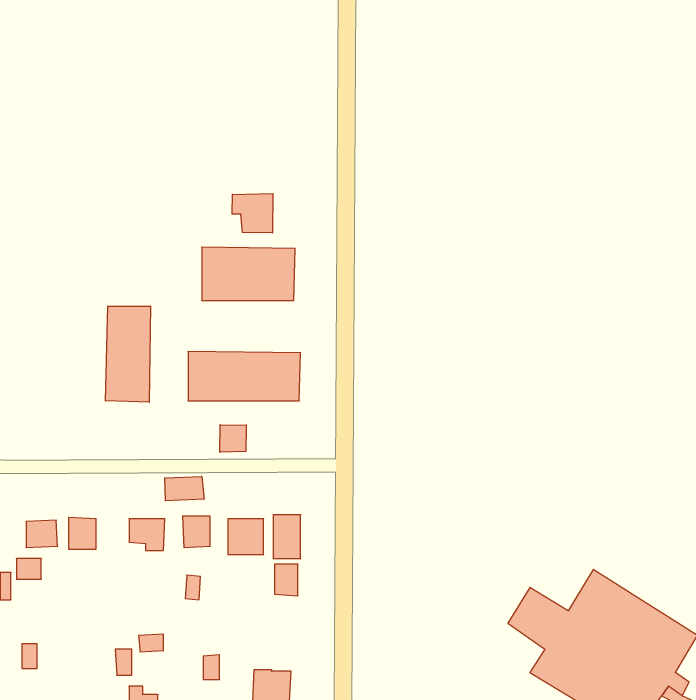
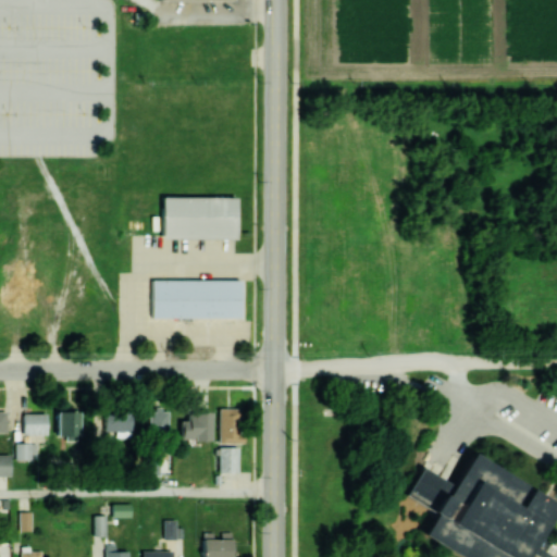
building: [232,194,273,233] -> none
building: [106,306,150,402] -> none
building: [220,425,246,452] -> none
building: [165,476,204,501] -> none

